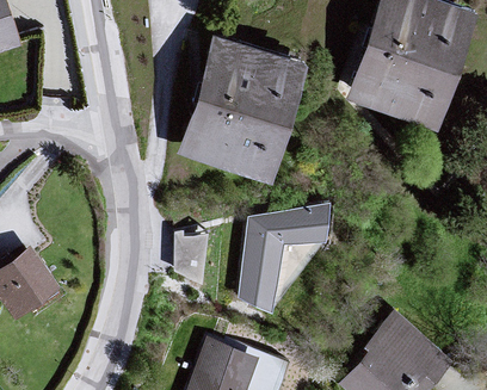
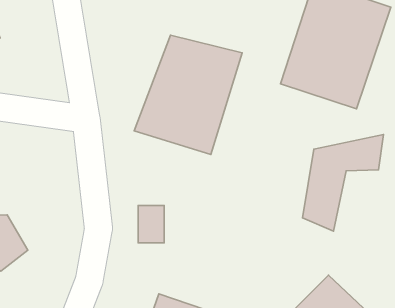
building: [238,202,331,312] -> [302,135,384,231]

